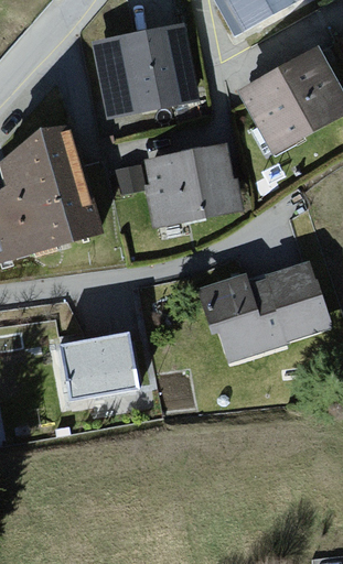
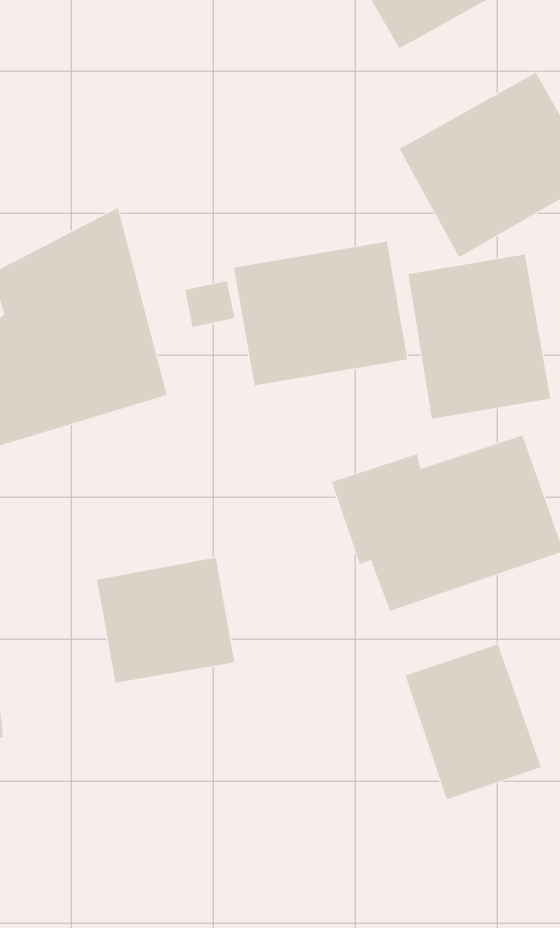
building: [92,25,200,121] -> none
building: none -> [408,254,551,419]
building: none -> [405,643,541,800]

